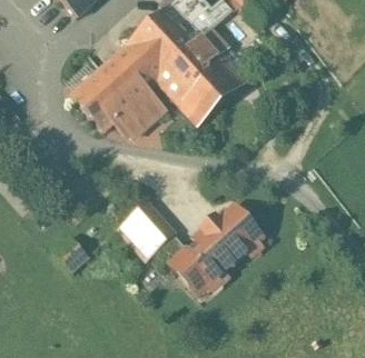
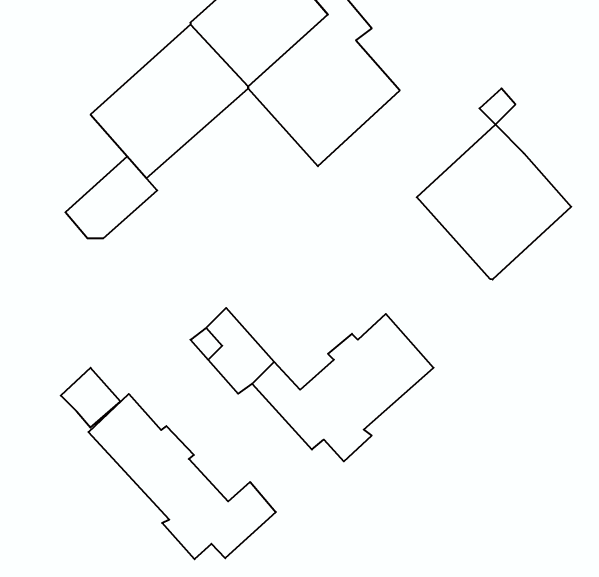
building: [112,89,164,135] -> [65,156,157,238]
building: none -> [417,124,571,280]
building: none -> [88,394,276,559]

